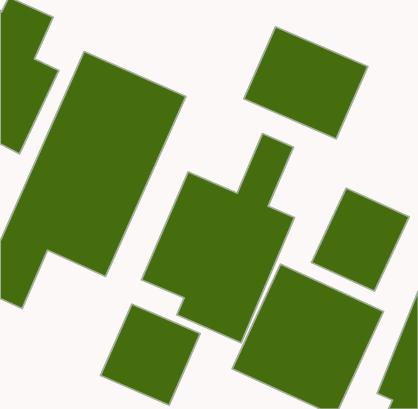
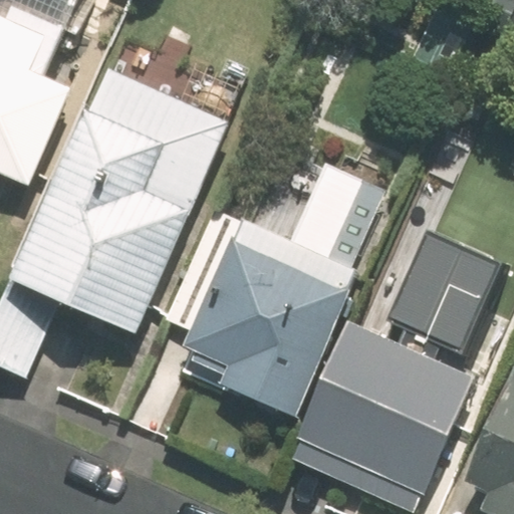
building: [244,27,368,139] -> none
building: [101,304,200,405] -> none

